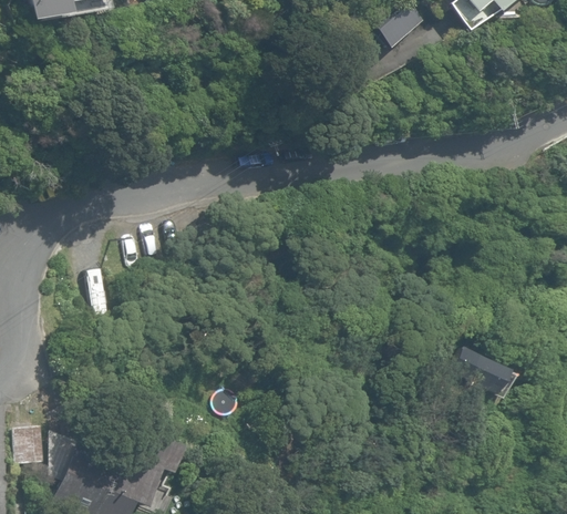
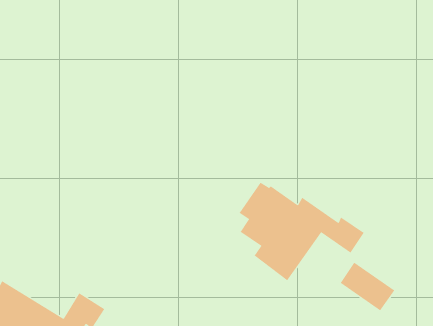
building: none -> [239,182,365,281]

